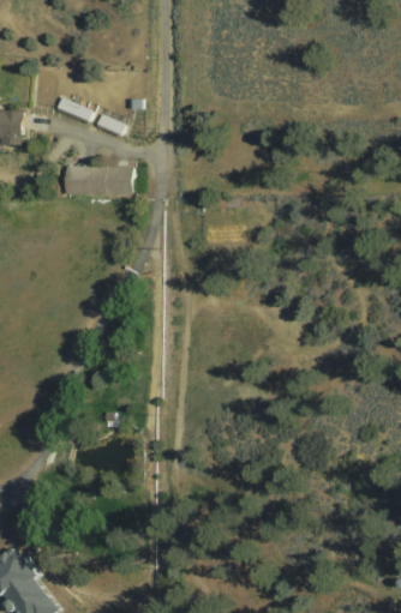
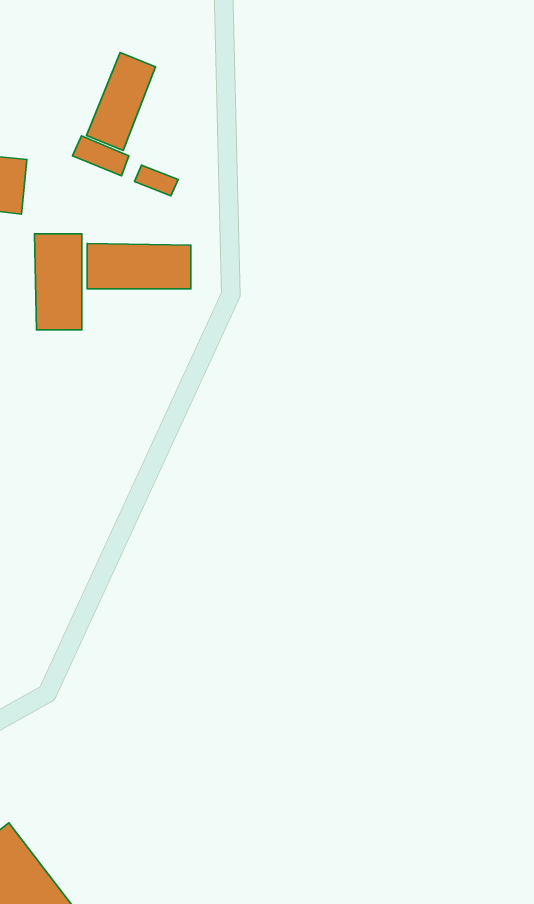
building: none -> [86,52,156,150]
building: none -> [34,234,82,330]

